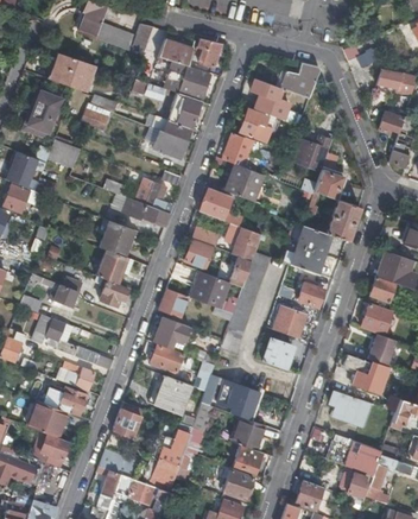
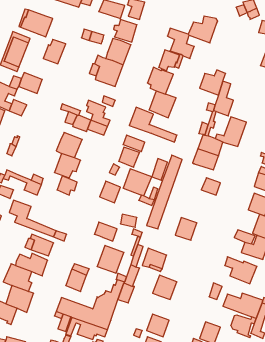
building: [223,222,261,260] -> none
building: [273,305,306,337] -> none
building: [156,316,190,343] -> none
building: [233,444,261,473] -> none

